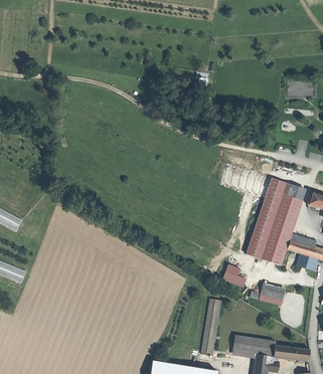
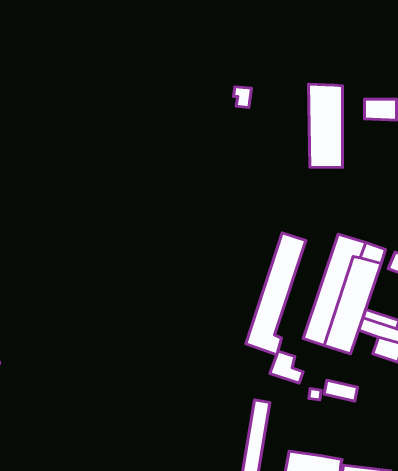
building: none -> [309,84,342,168]
building: none -> [246,233,306,355]

